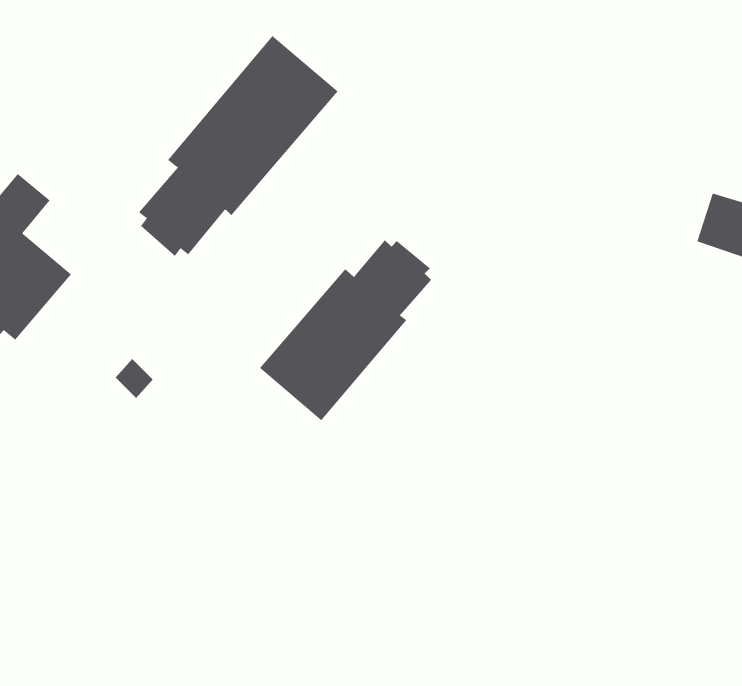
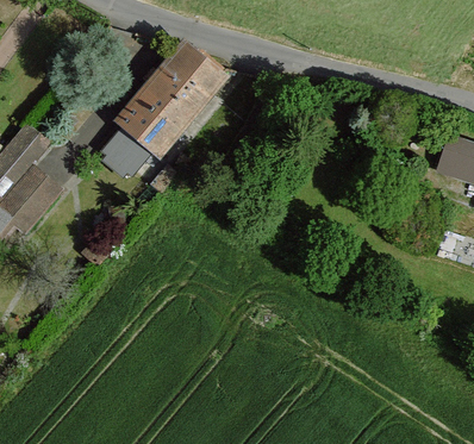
building: [259,239,432,421] -> none

